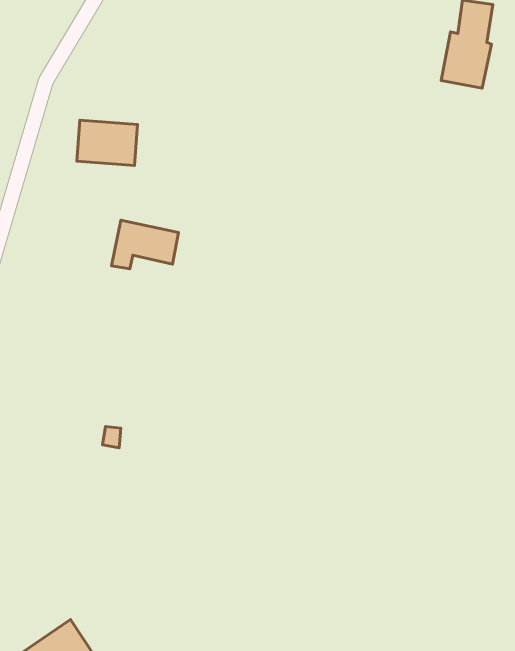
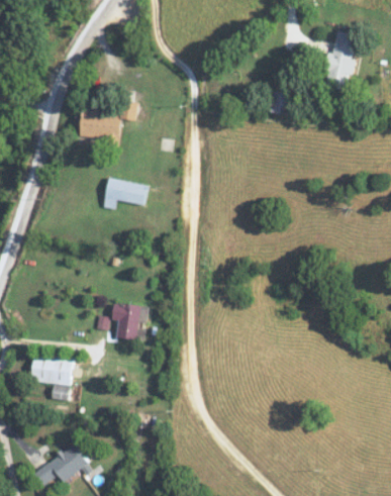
building: none -> [112,301,149,340]
building: none -> [32,356,72,399]

